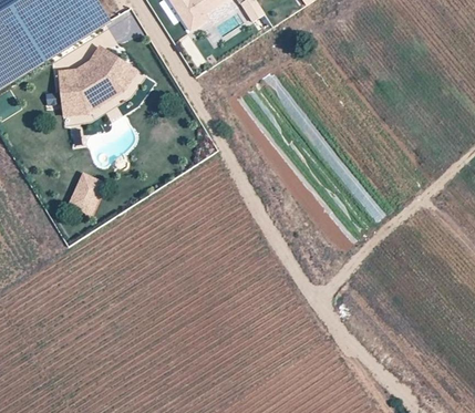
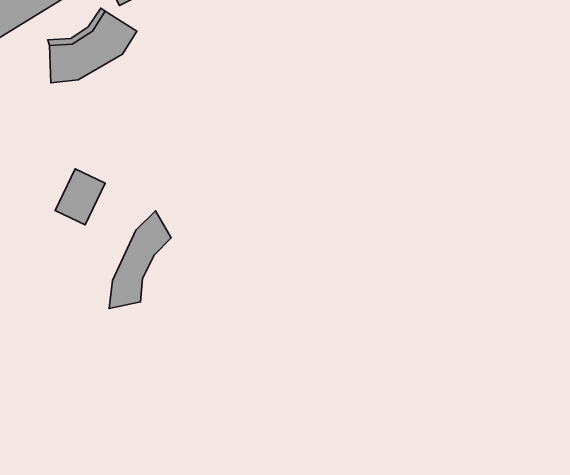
building: [64,65,140,116] -> none
building: none -> [109,211,171,309]

